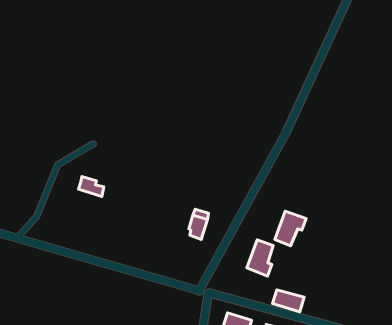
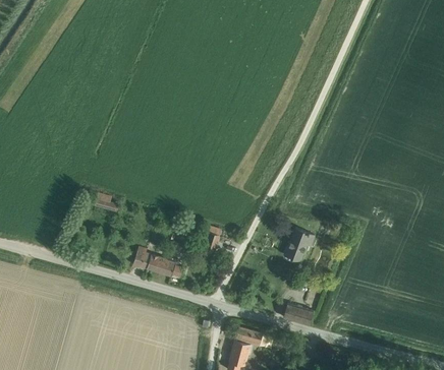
building: none -> [133,245,184,276]
building: [247,240,273,276] -> none

